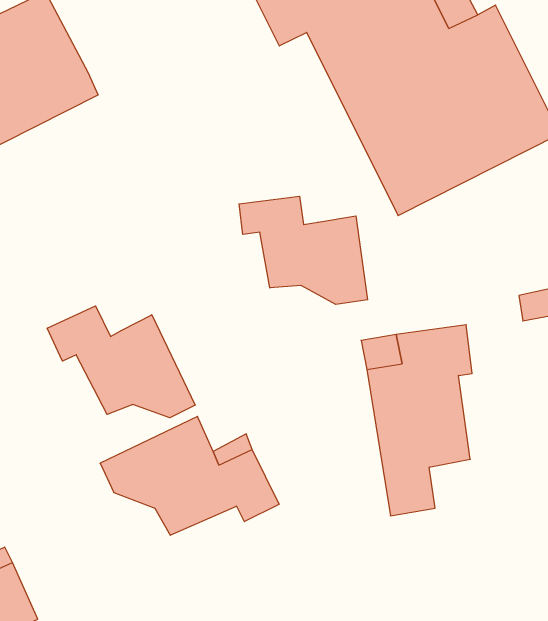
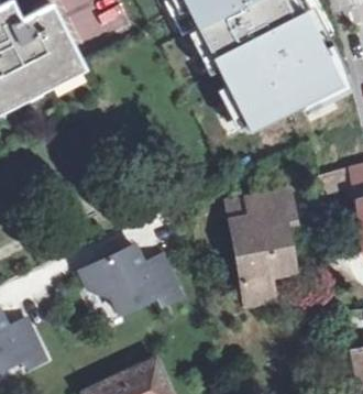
building: [239,196,368,304] -> none
building: [47,306,195,418] -> none

